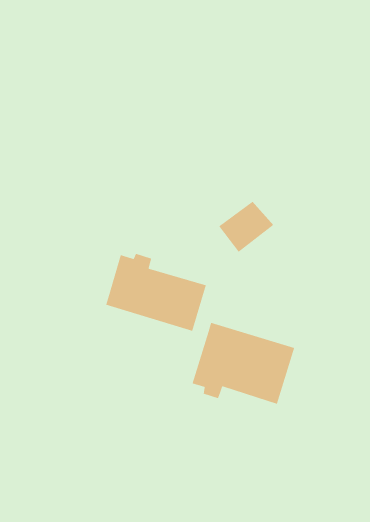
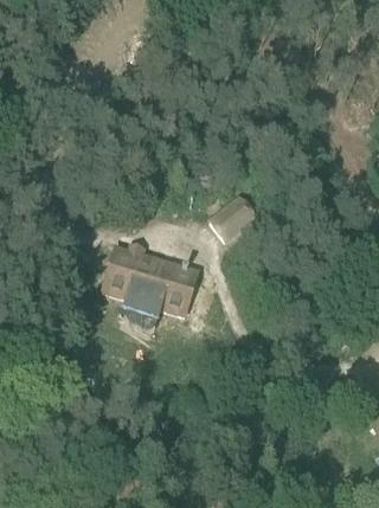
building: [192,322,295,405] -> none

